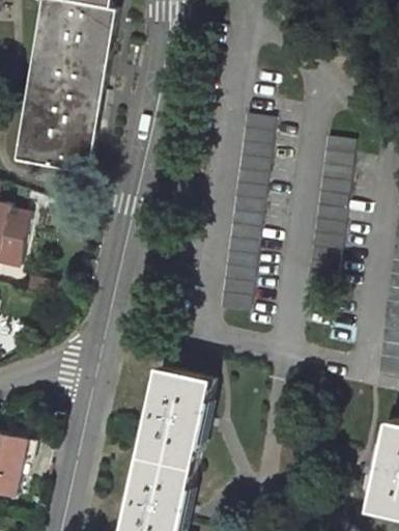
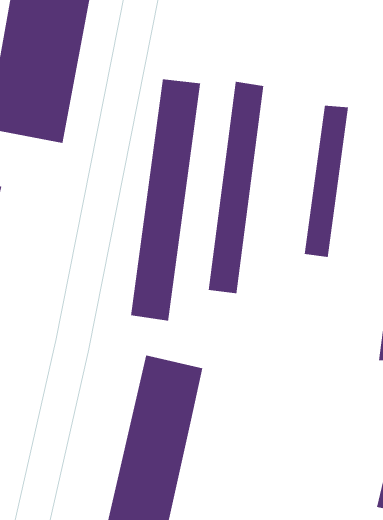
building: none -> [130,79,201,322]

